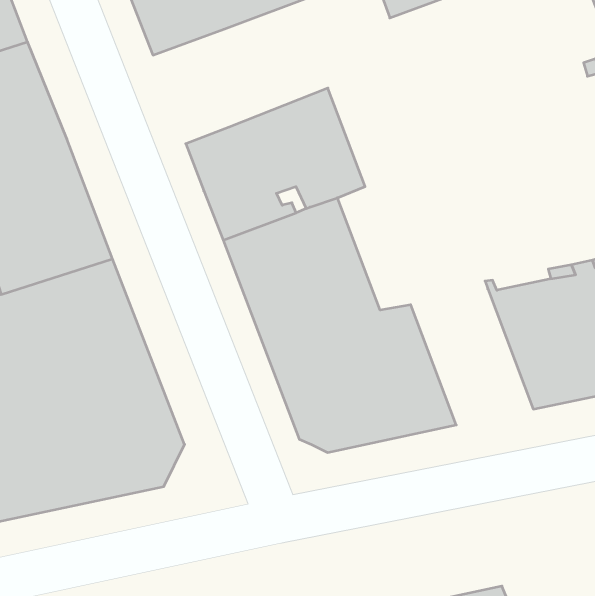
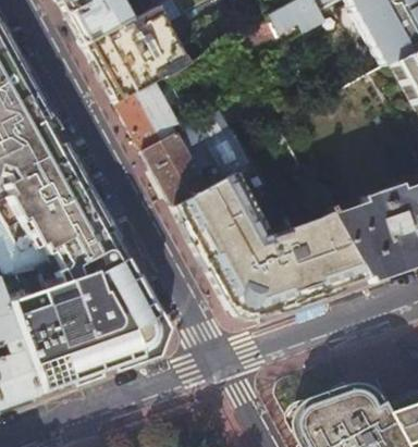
building: none -> [112,83,173,152]
building: none -> [282,213,361,295]

